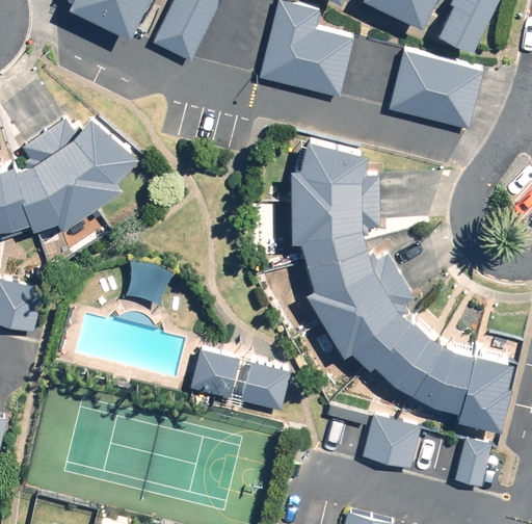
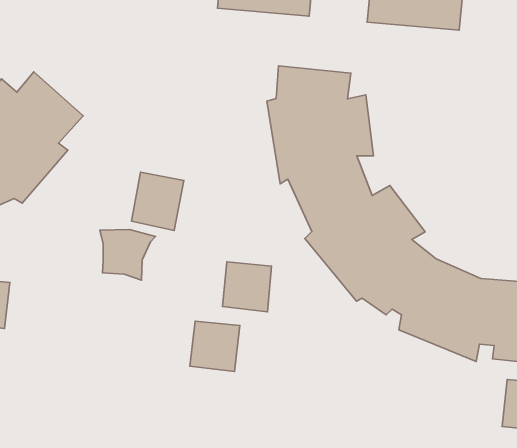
building: none -> [131,172,184,230]
building: [242,363,290,412] -> [223,262,272,312]
building: [363,416,421,470] -> none

